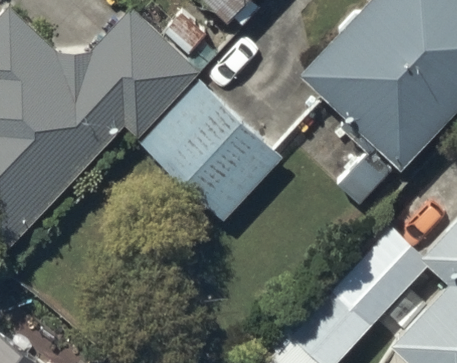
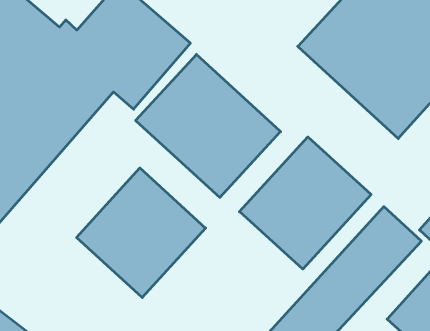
building: none -> [239,137,371,269]
building: none -> [77,168,206,298]

